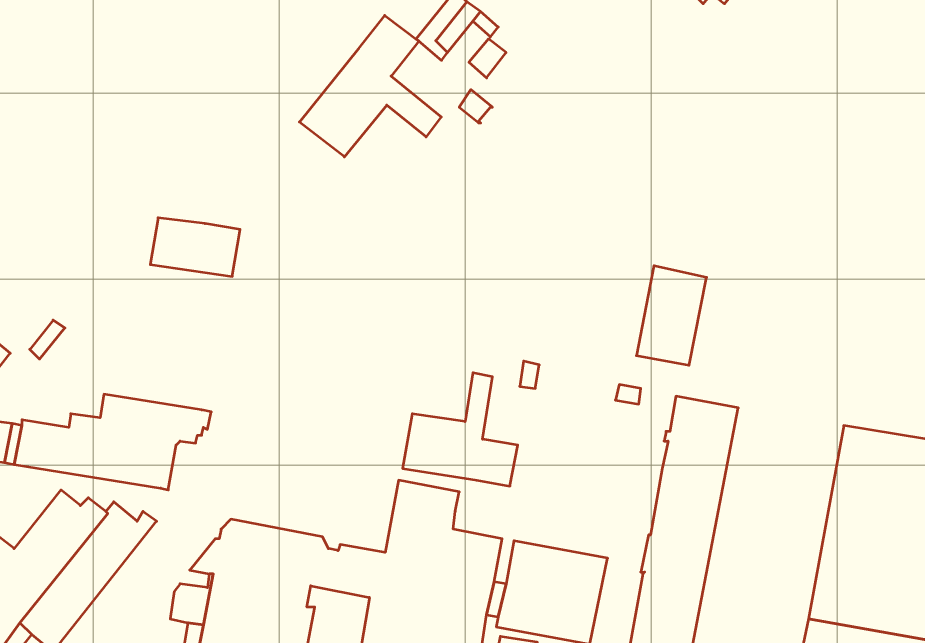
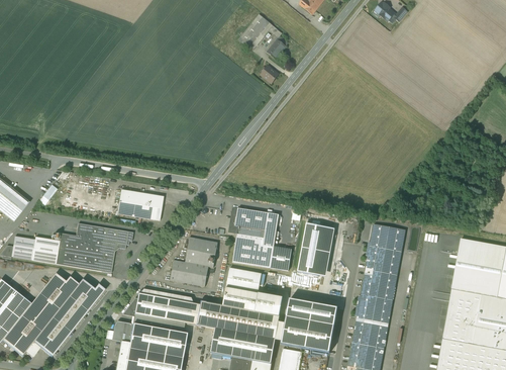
building: [299,15,441,157] -> none
building: [150,218,240,276] -> [117,190,164,220]
building: [636,266,707,365] -> [298,224,334,276]
building: none -> [229,207,269,238]
building: none -> [170,237,218,286]

